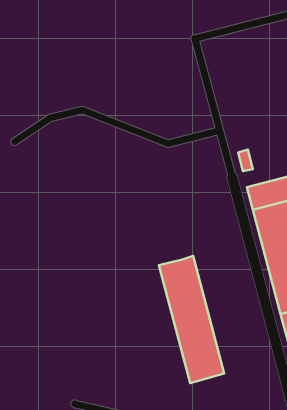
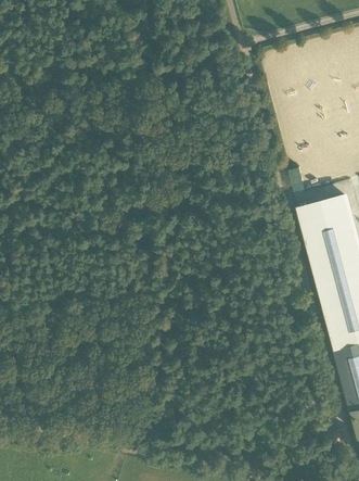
building: [159,256,224,383] -> none

